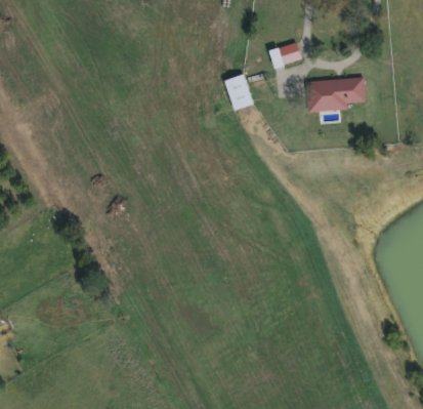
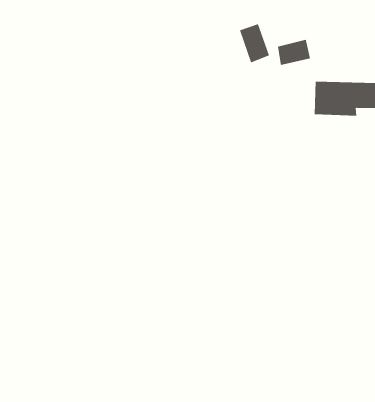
building: [224,74,254,111] -> [239,24,270,63]

